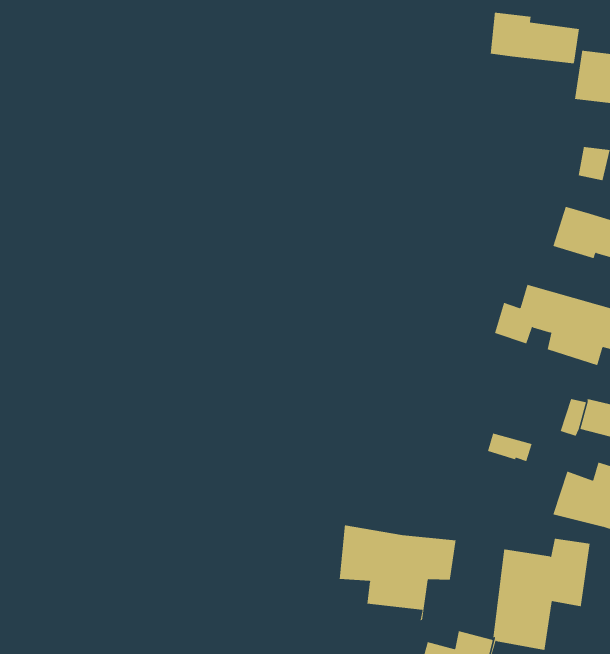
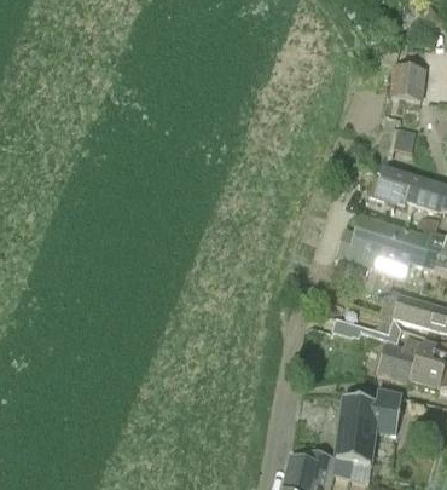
building: [490,12,579,64] -> none
building: [339,524,456,621] -> none

